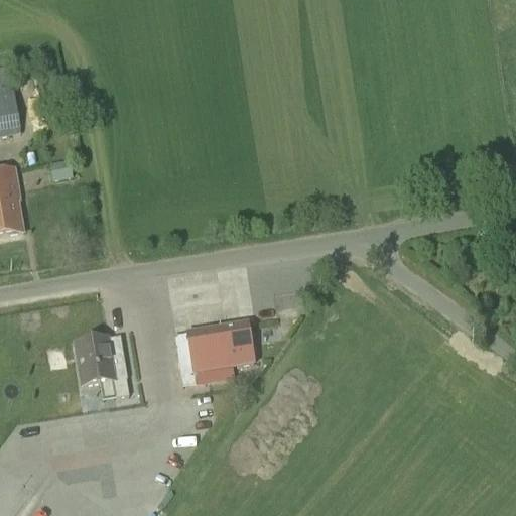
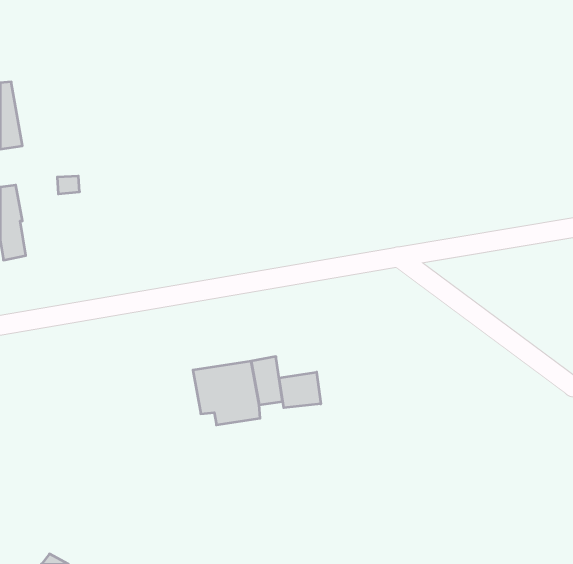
building: none -> [279,372,321,408]
building: [75,335,128,395] -> none

